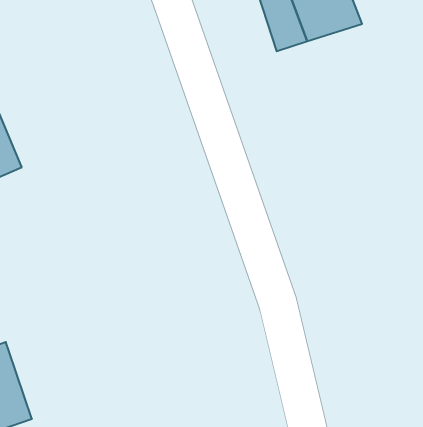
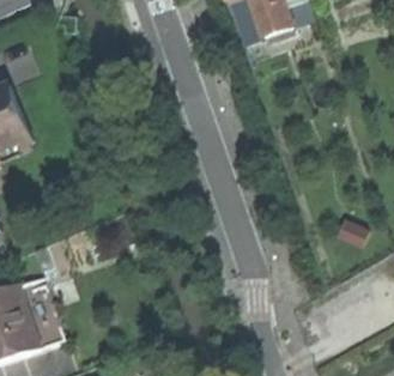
building: none -> [19,285,62,348]

